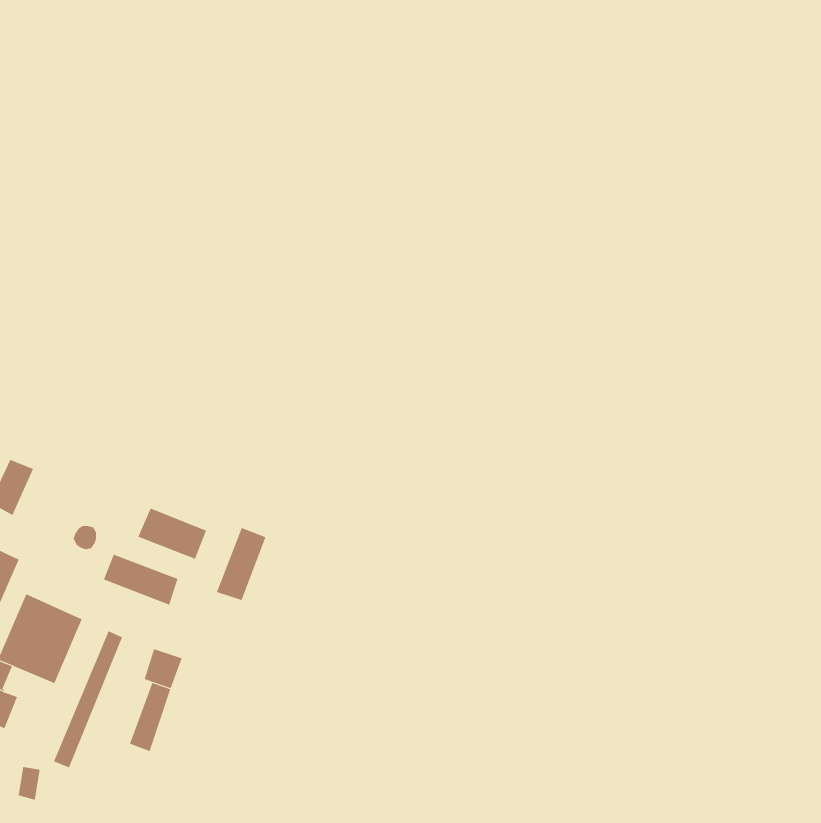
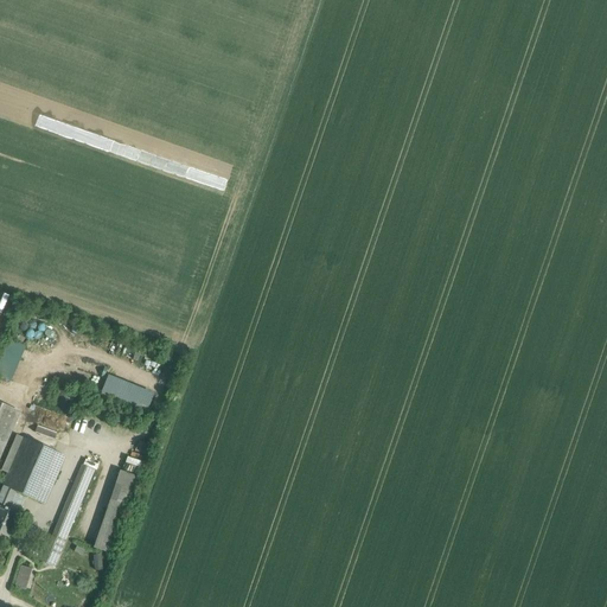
building: [216,527,266,601] -> none
building: [103,554,178,605] -> none

